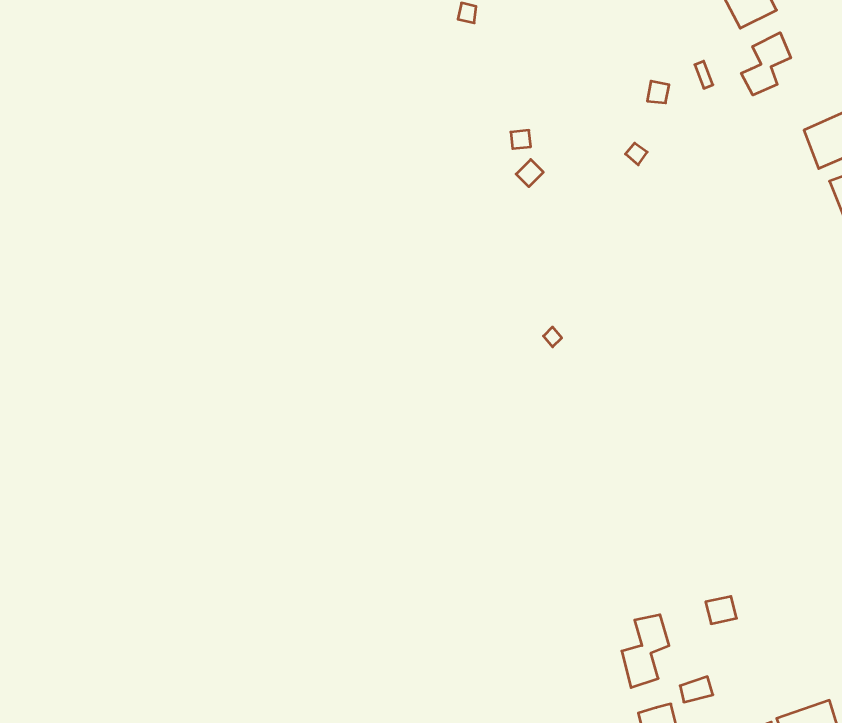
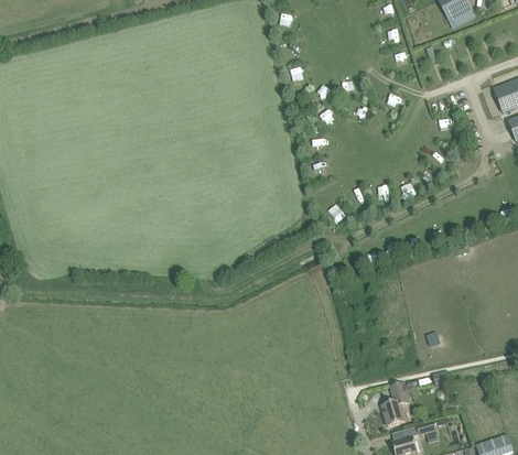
building: [741,33,791,95] -> none

